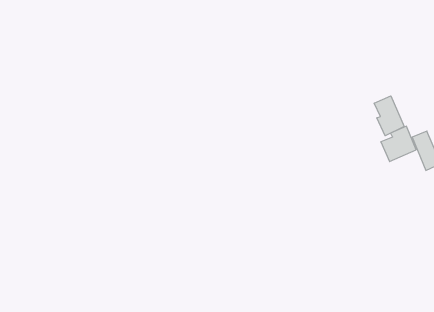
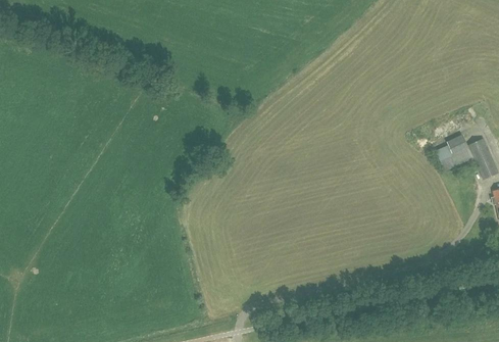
building: [374,96,404,136] -> none

